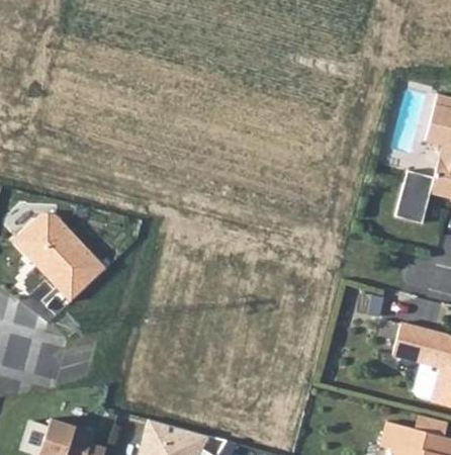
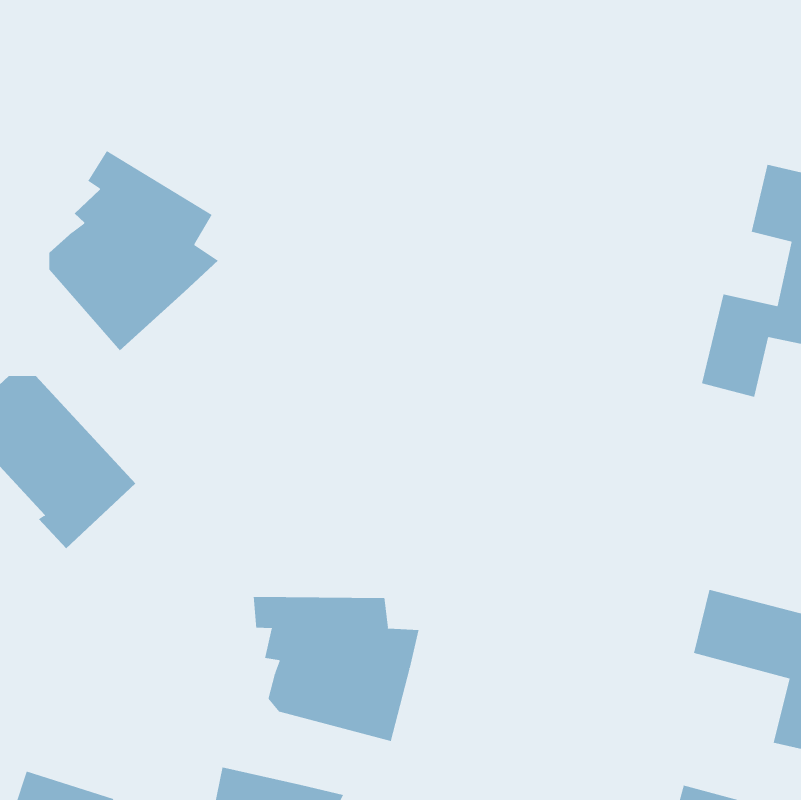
building: none -> [49,150,219,351]
building: none -> [253,596,419,742]

